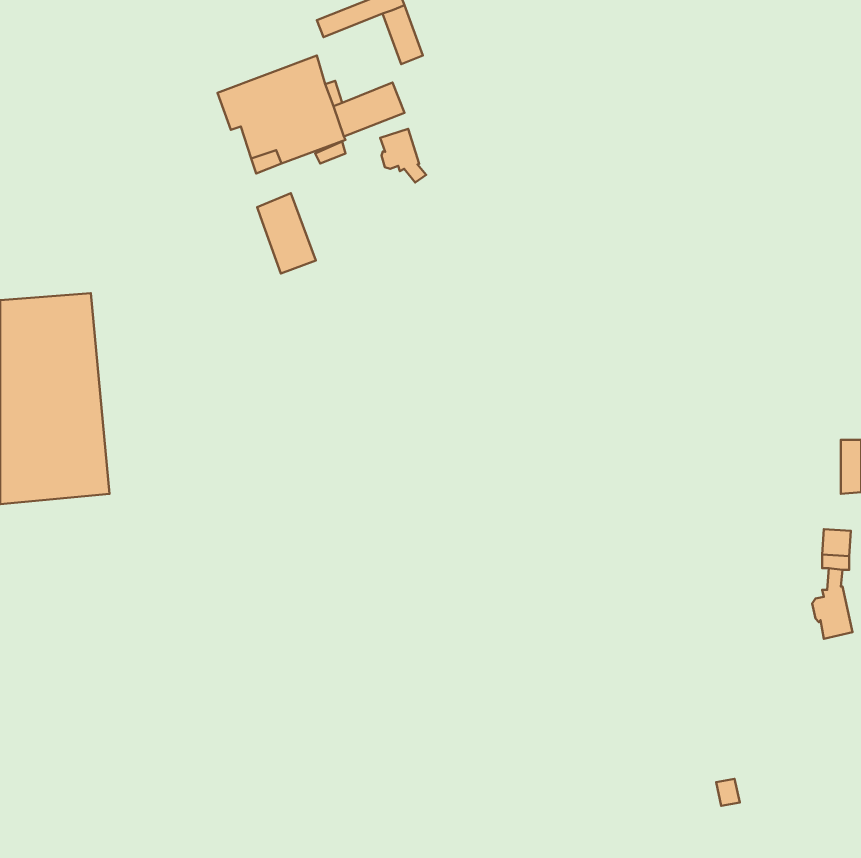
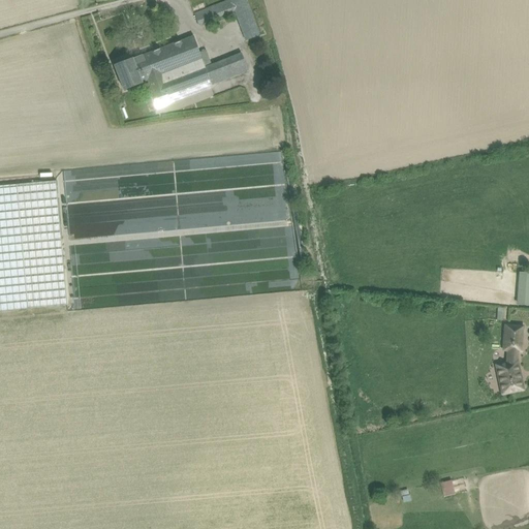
building: none -> [115,56,143,89]
building: [380,129,426,182] -> none
building: [257,193,316,273] -> none

